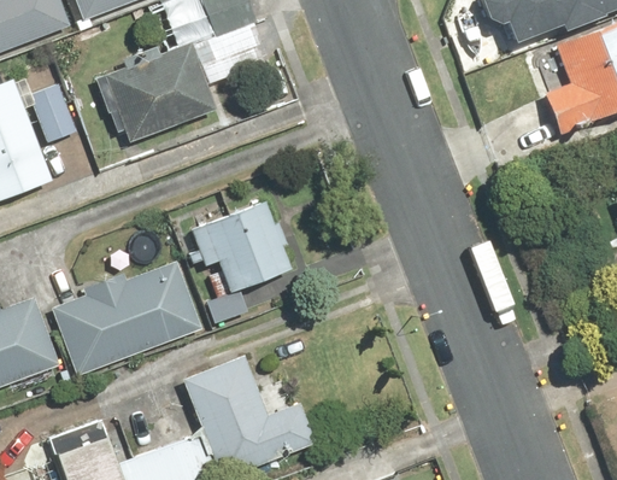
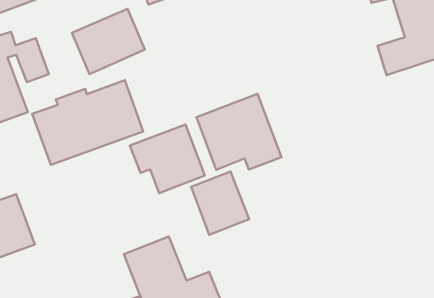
building: none -> [196,94,282,170]
building: [51,261,202,376] -> [32,80,143,165]
building: none -> [191,171,249,235]

